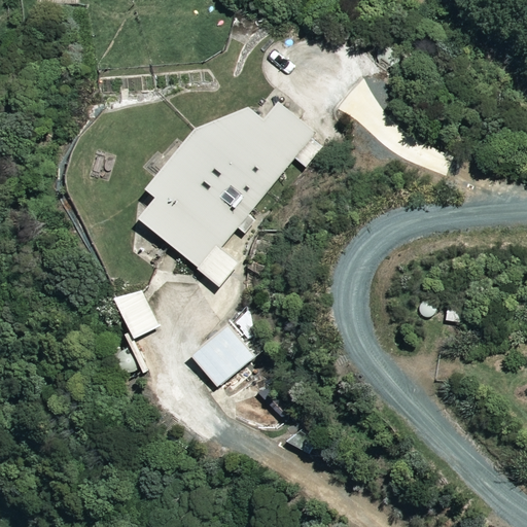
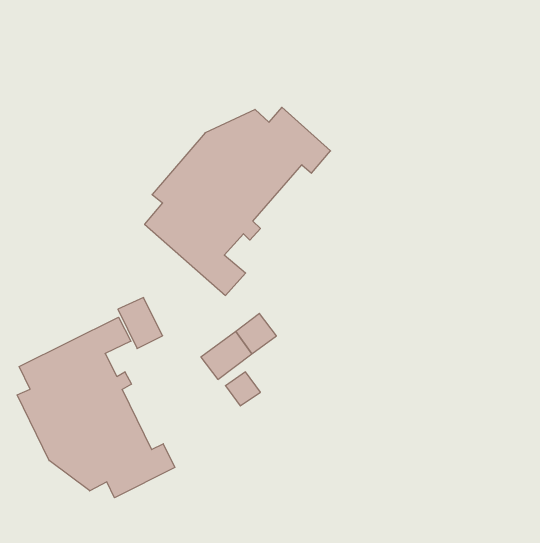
building: none -> [17,317,175,498]

